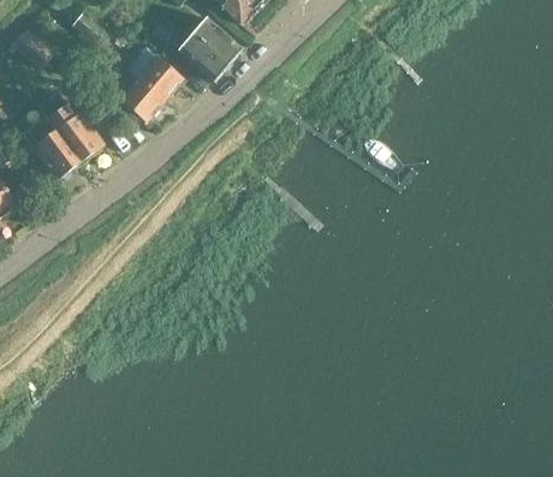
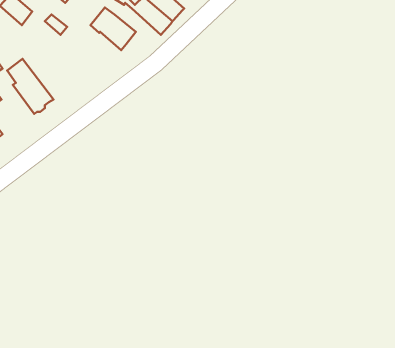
building: [120,77,166,121] -> none
building: [40,91,105,161] -> none

